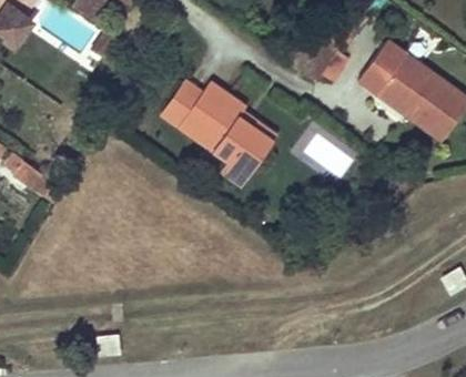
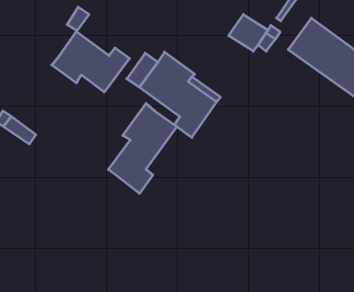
building: none -> [52,32,130,92]
building: none -> [108,103,177,193]

